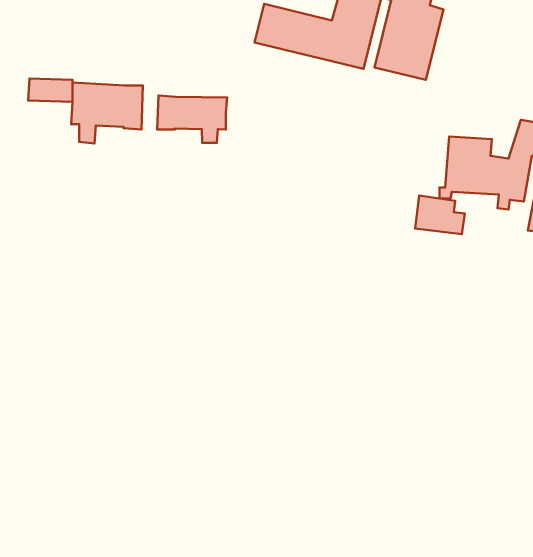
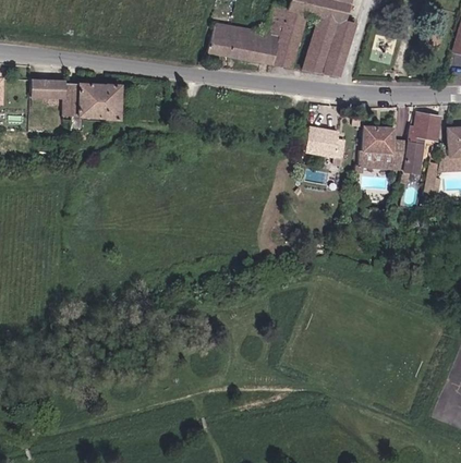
building: [157,96,227,143] -> none
building: [415,195,465,234] -> [305,126,344,157]

